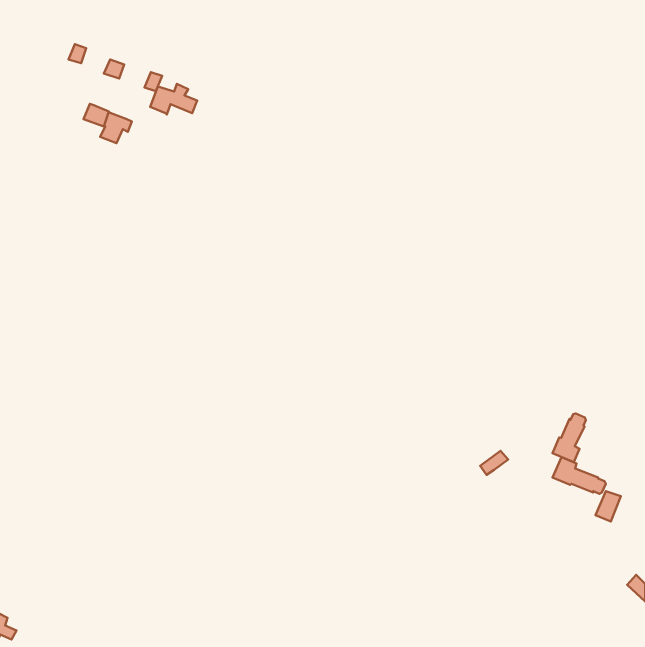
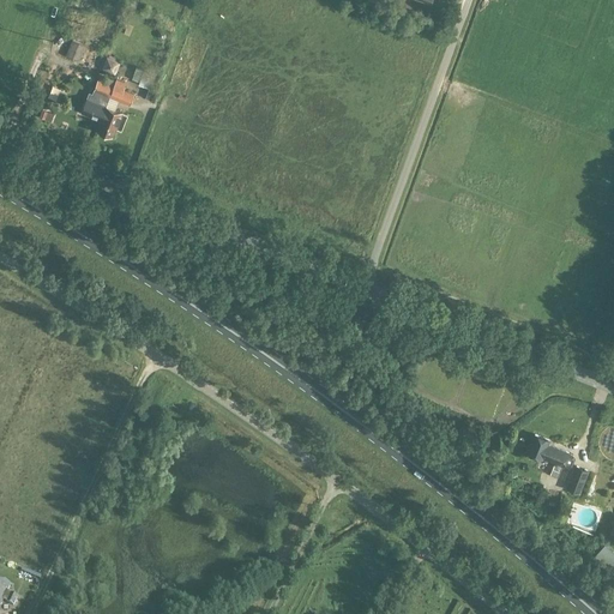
building: [150,84,197,114] -> [89,78,133,107]
building: [553,414,586,462] -> none

